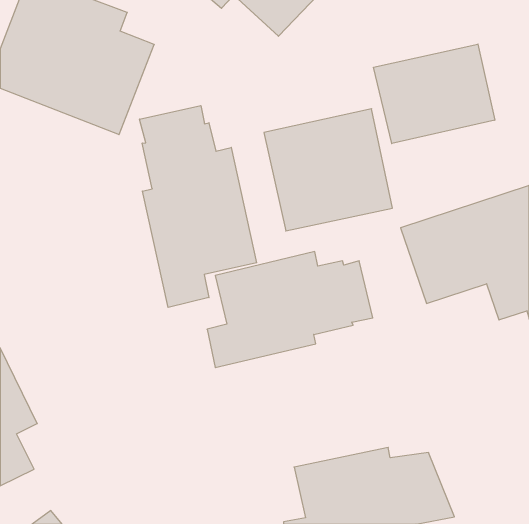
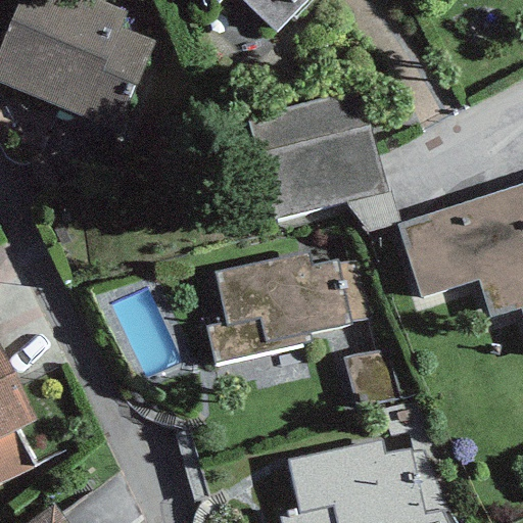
building: [374,44,495,144] -> none
building: [140,106,257,307] -> none

